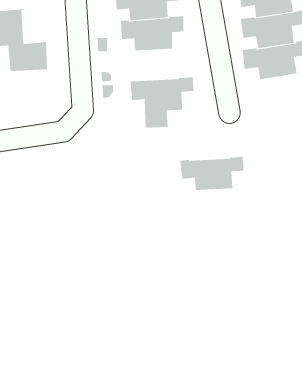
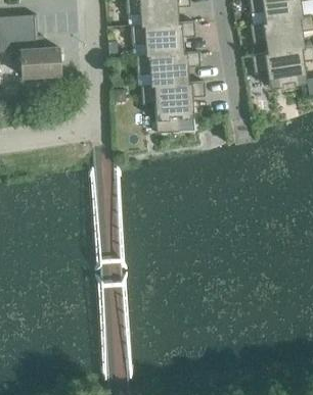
building: [180,157,245,191] -> [135,50,199,84]

